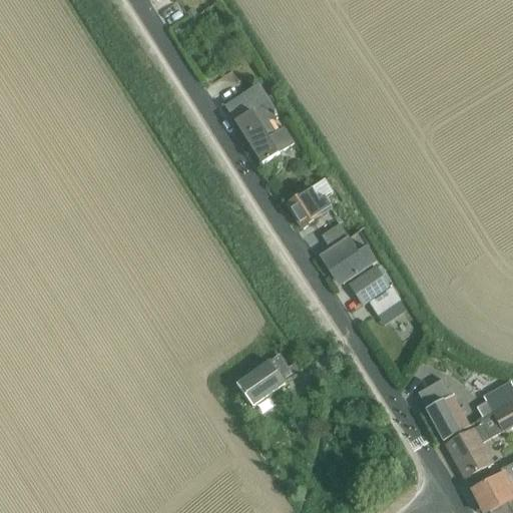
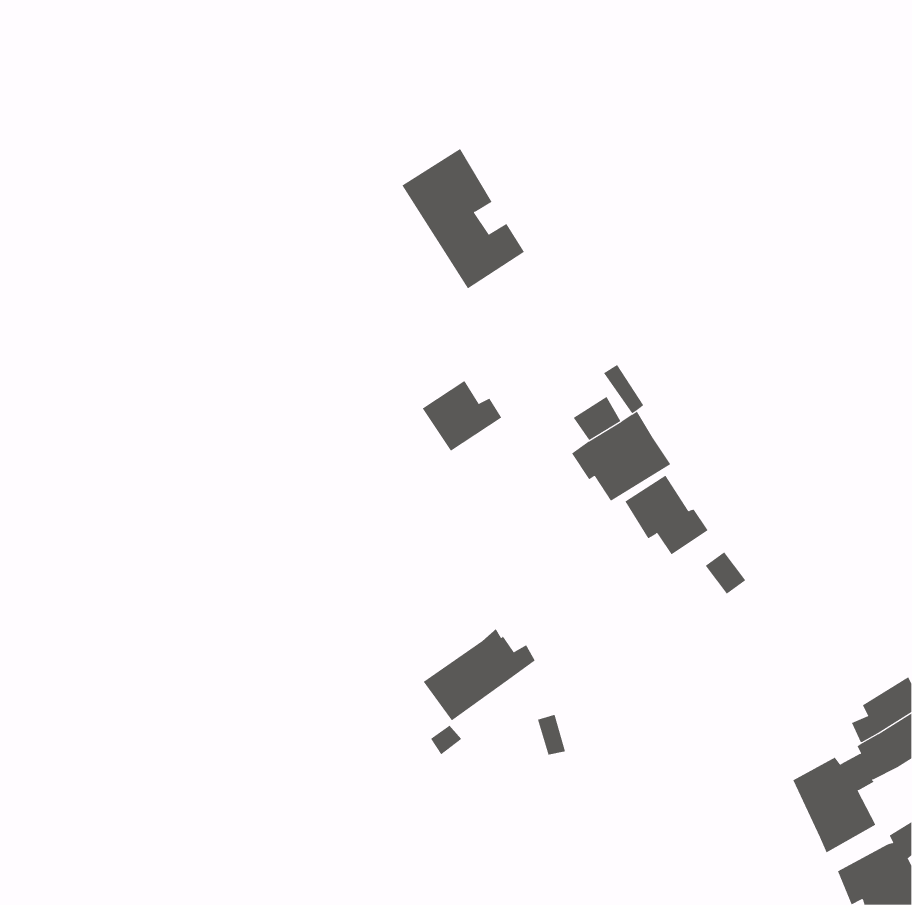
building: [288,186,333,226] -> [422,380,502,451]
building: [419,378,469,439] -> none

